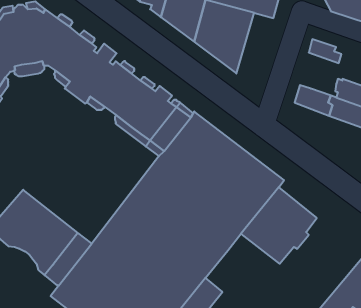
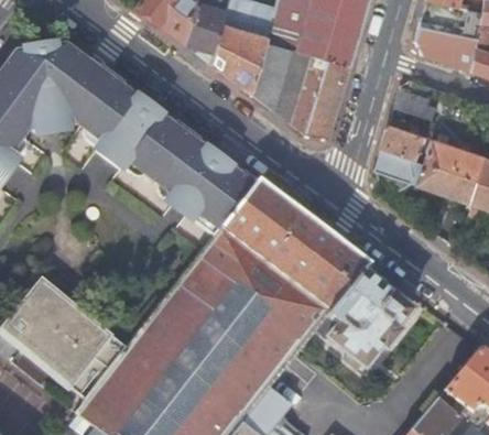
building: none -> [308,57,355,137]
building: none -> [388,124,435,163]

